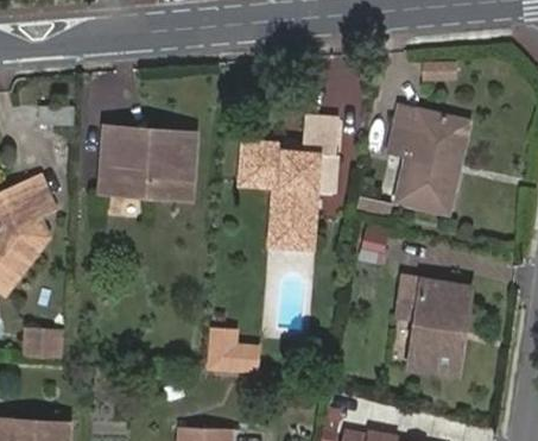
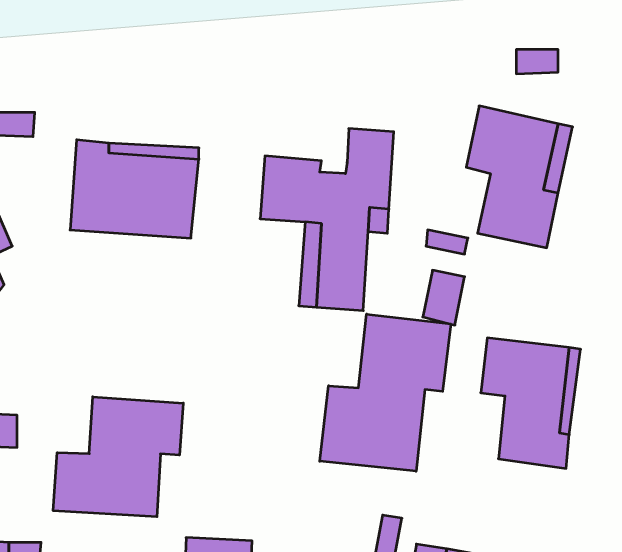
building: none -> [320,314,451,471]
building: none -> [53,397,183,517]
building: [211,330,258,368] -> none

